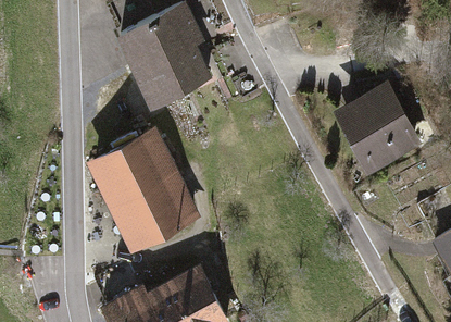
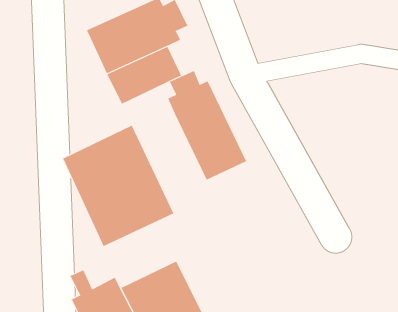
building: none -> [167,70,247,181]
building: [333,83,423,175] -> none

